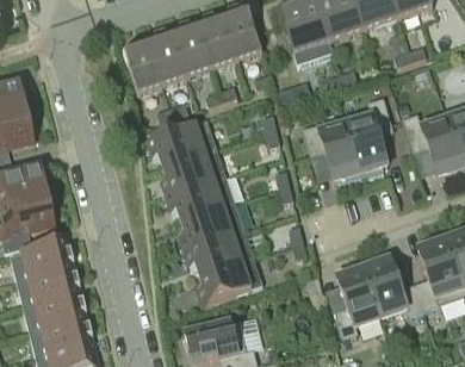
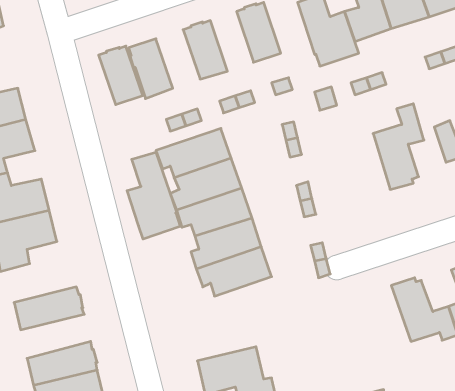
building: [196,14,235,69] -> none
building: [145,31,186,85] -> [99,46,143,105]
building: [300,126,360,185] -> none
building: none -> [127,152,180,239]
building: [8,242,73,281] -> none
building: [196,257,261,306] -> none
building: [331,266,379,340] -> none
building: [21,292,86,332] -> none

